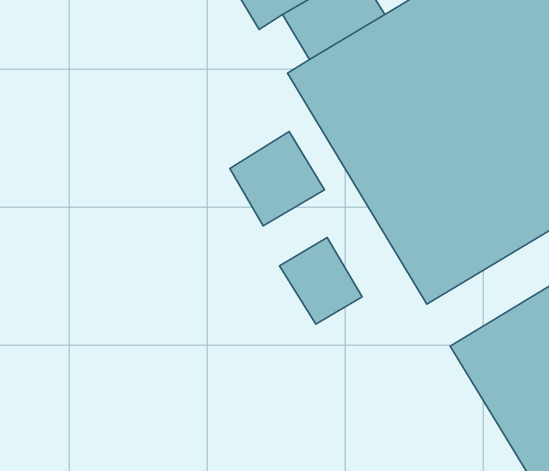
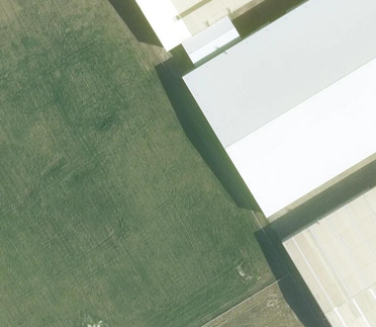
building: [230,131,324,226] -> none
building: [280,237,362,324] -> none

